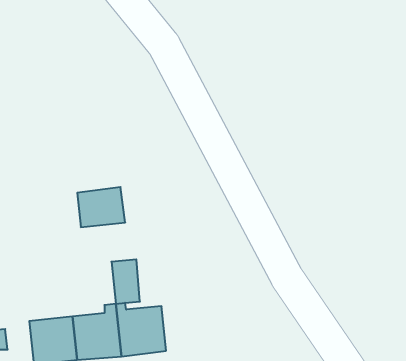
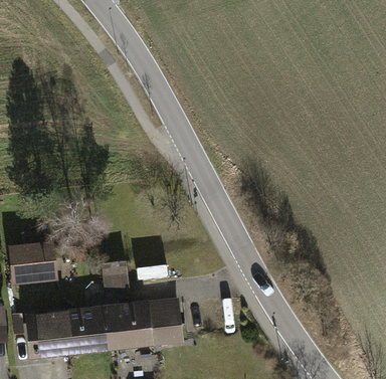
building: [77,187,125,227] -> [12,246,54,281]
building: none -> [146,302,180,344]

